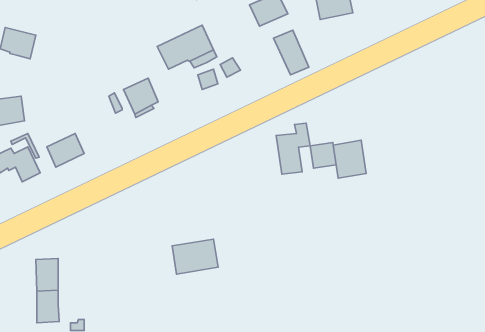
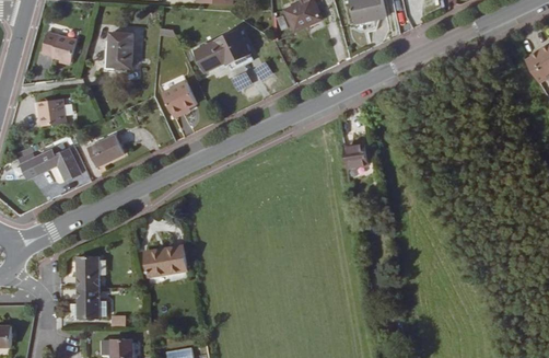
building: none -> [108,33,133,68]
building: [273,30,309,75] -> none
building: [276,123,310,174] -> none
building: [333,140,366,178] -> none
building: [172,239,218,274] -> [143,244,188,278]

